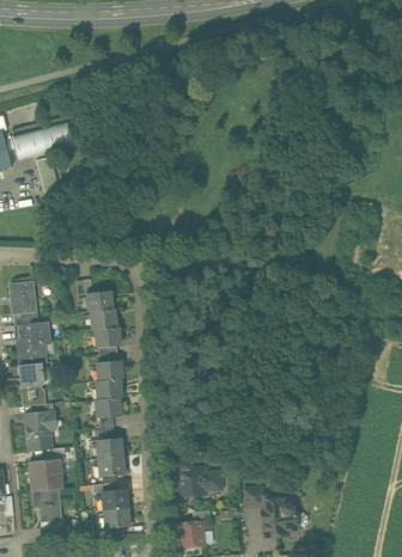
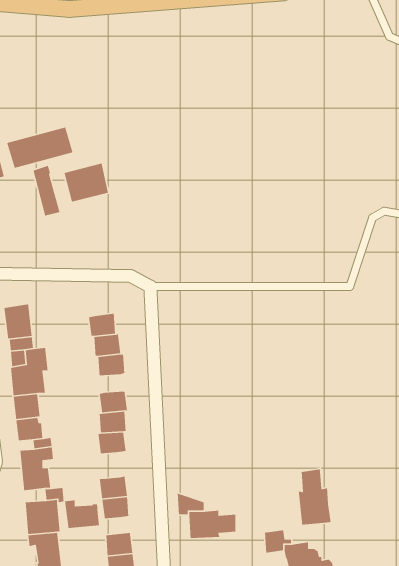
building: none -> [63,163,109,202]
building: none -> [298,469,331,525]
building: none -> [64,500,100,529]

